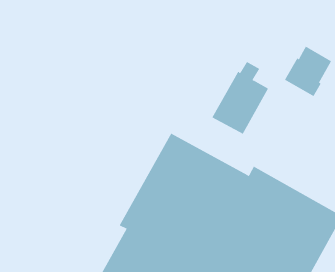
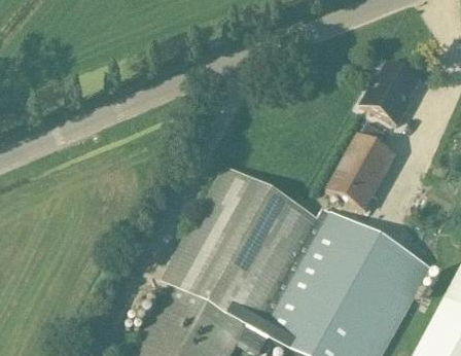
building: [212,61,269,134] -> [328,118,397,207]

